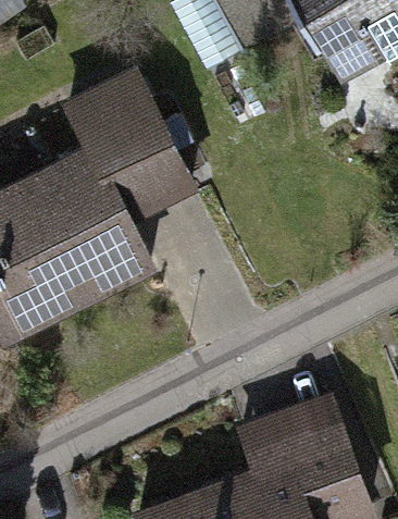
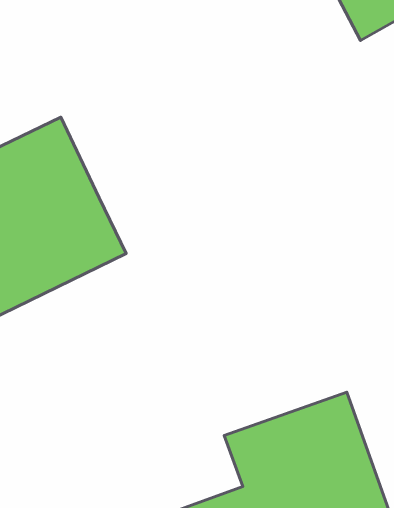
building: [60,67,189,221] -> none

